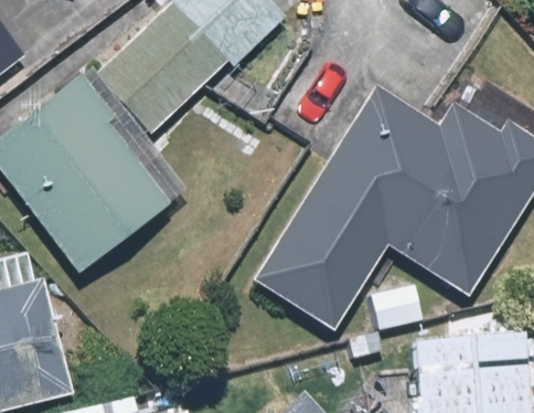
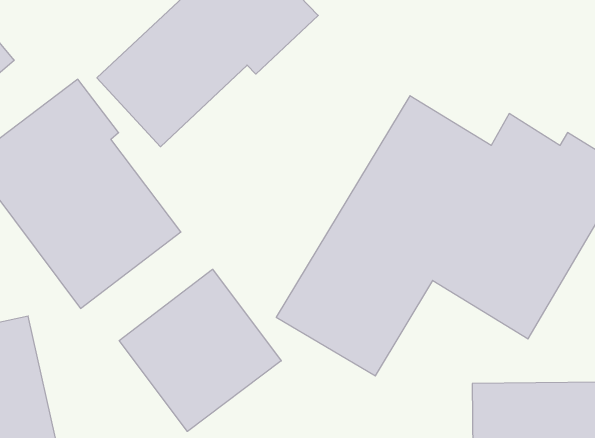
building: none -> [119,269,281,431]

